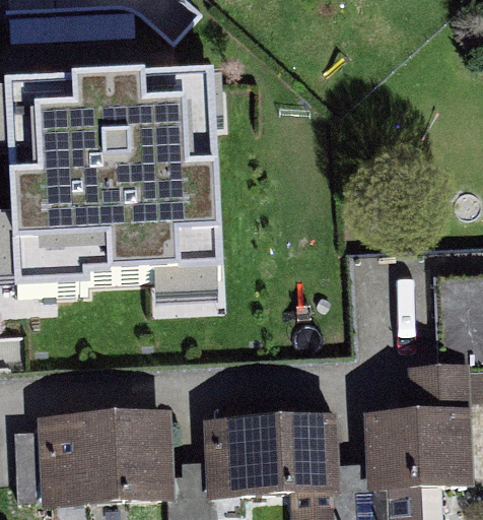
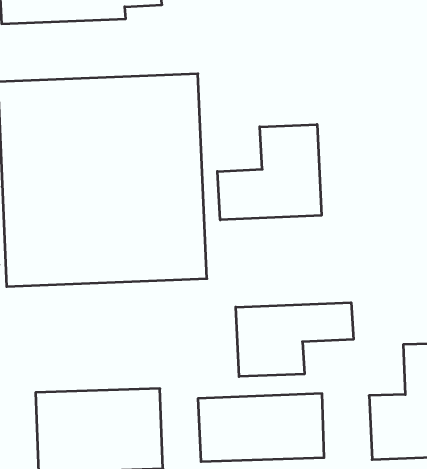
building: none -> [217,124,321,220]
building: none -> [236,303,353,377]

